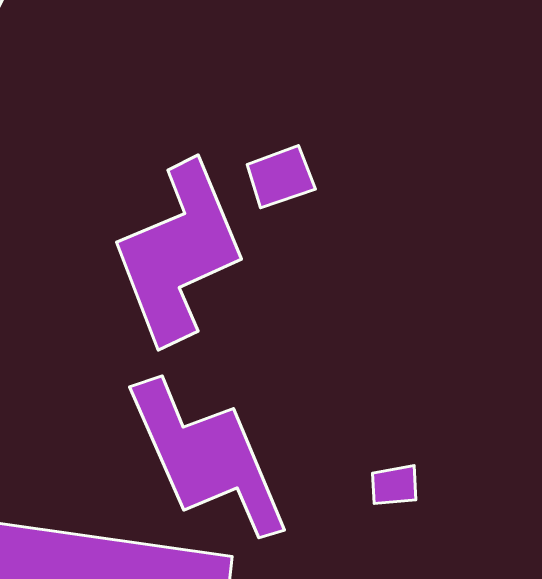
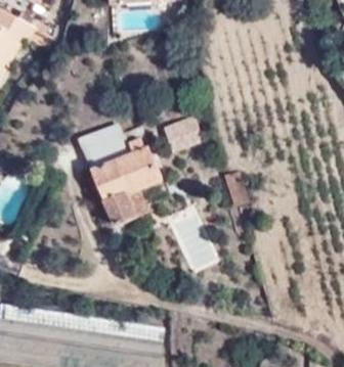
building: none -> [84,127,131,166]
building: [130,376,284,538] -> none

